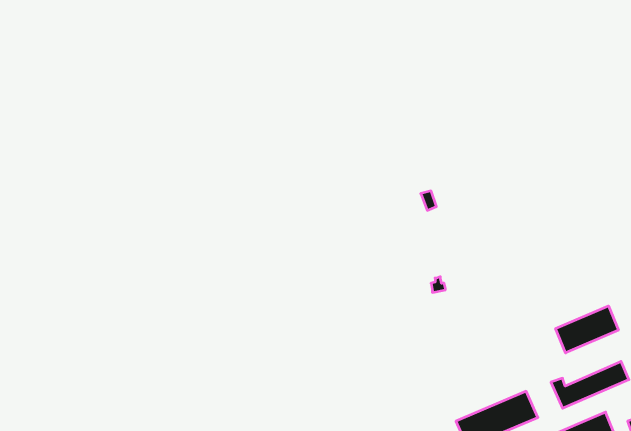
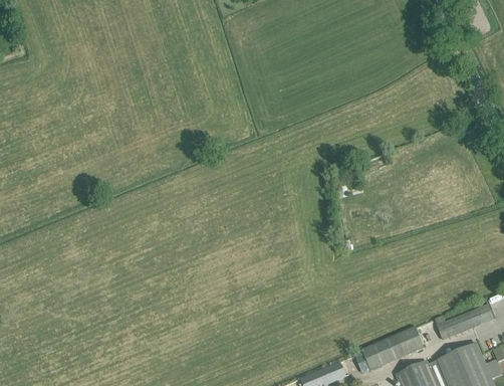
building: [556,306,618,353] -> none

